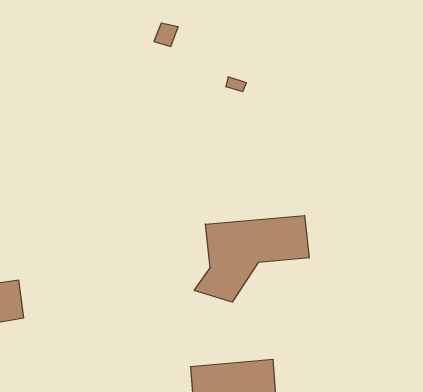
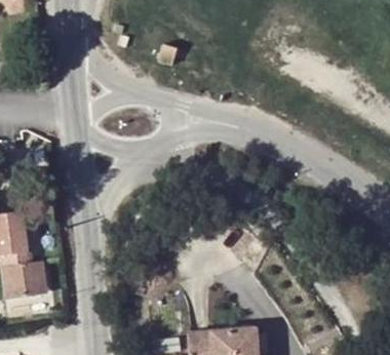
building: [194,215,309,302] -> none

